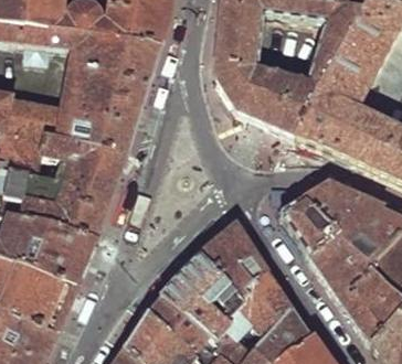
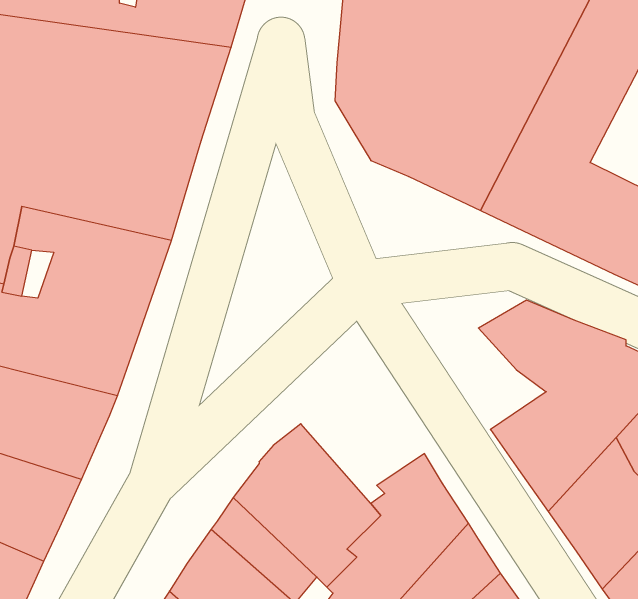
building: [277,199,336,255] -> none
building: [200,221,268,296] -> none

